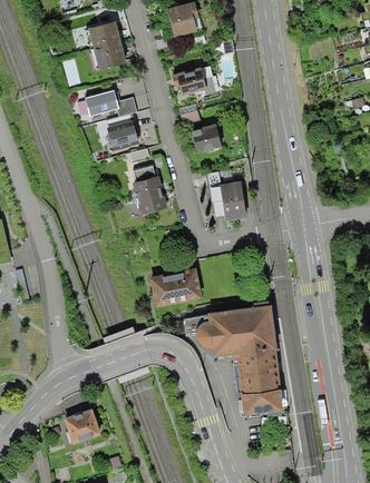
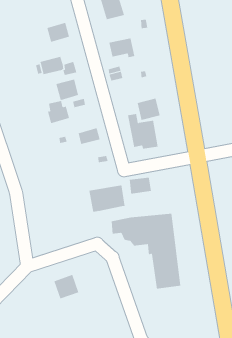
building: [88,22,120,52] -> none
building: [191,121,223,152] -> [137,98,160,120]
building: [133,165,164,197] -> [47,100,70,124]
building: none -> [129,177,152,195]
building: [67,410,103,444] -> [53,274,79,299]

